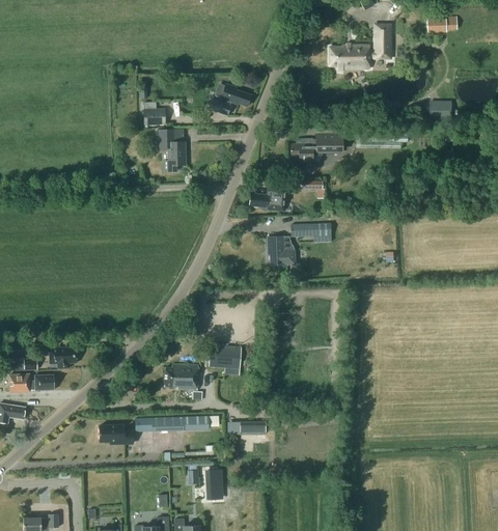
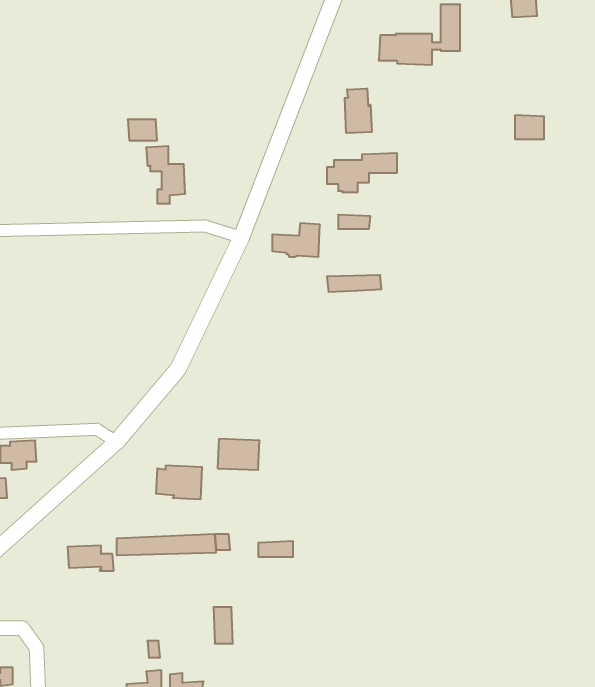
building: [220,84,250,107] -> none
building: none -> [345,88,372,133]
building: [266,236,295,264] -> none

